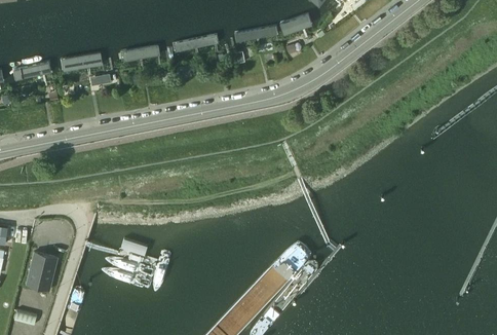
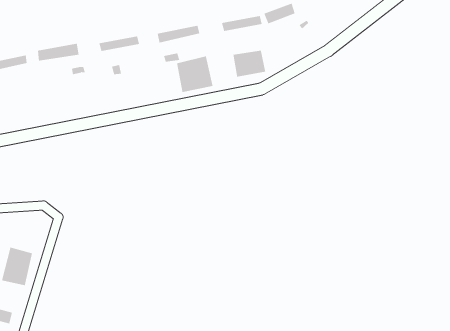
building: none -> [233,50,266,78]
building: none -> [177,56,213,93]

